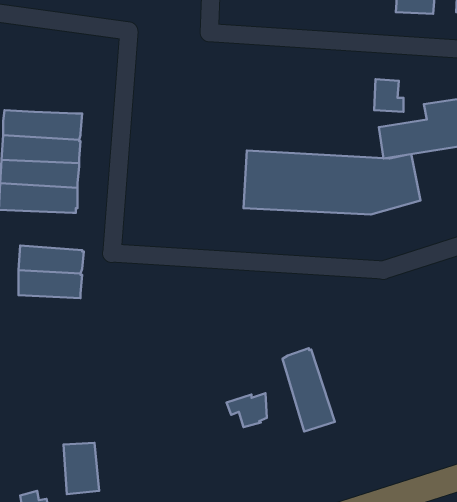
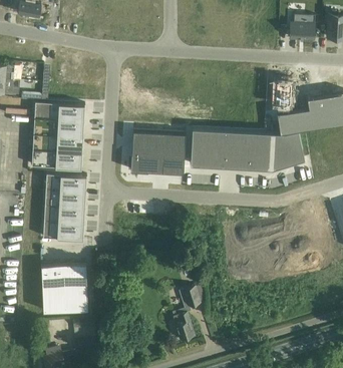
building: none -> [130,131,185,173]
building: none -> [44,173,86,193]
building: none -> [42,222,83,240]
building: [283,348,335,431] -> none
building: none -> [40,264,87,312]
building: none -> [172,312,193,340]

